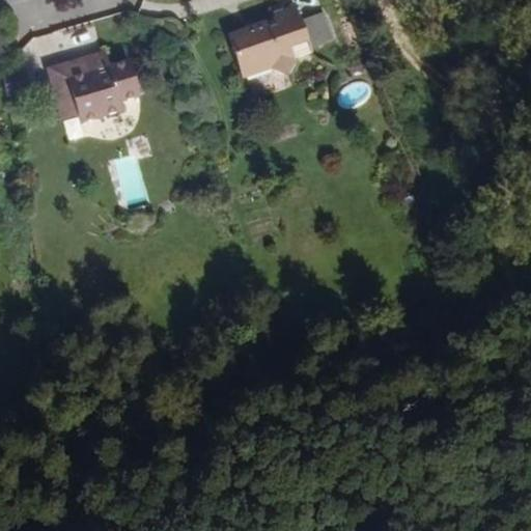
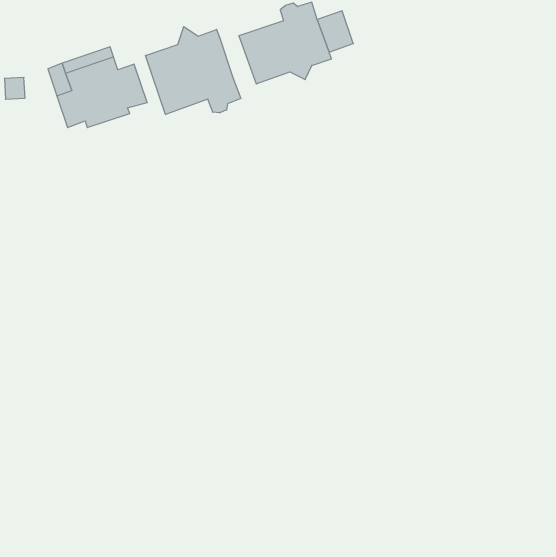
building: none -> [146,27,241,114]

